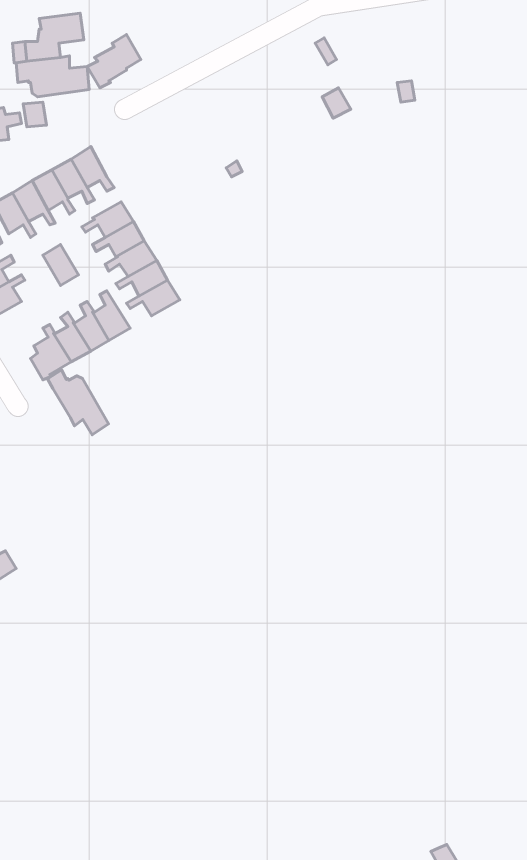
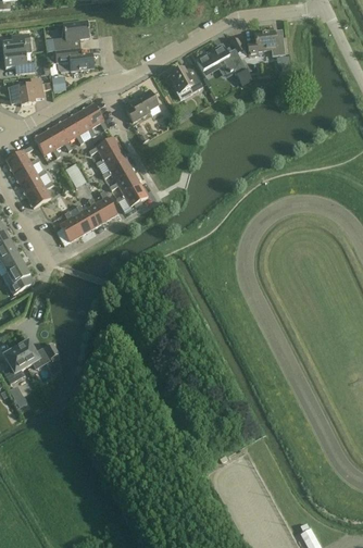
building: none -> [246,29,285,57]
building: [87,34,141,88] -> [125,89,158,122]
building: none -> [197,46,236,76]
building: none -> [168,65,202,92]
building: [48,370,108,435] -> none

